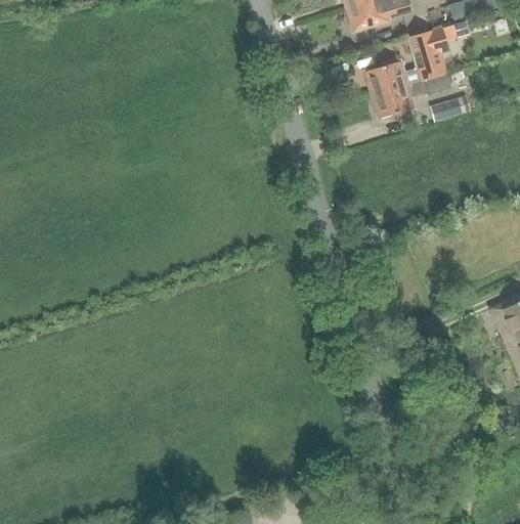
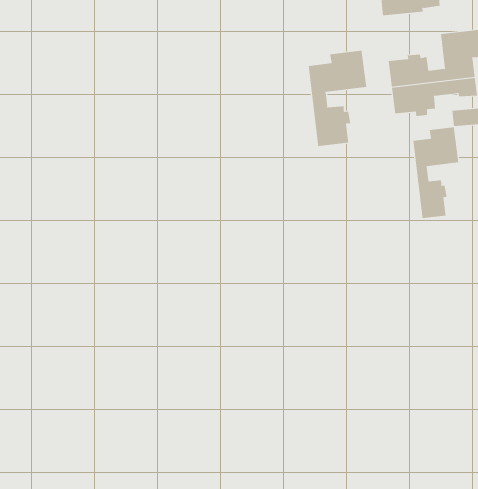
building: none -> [308,50,367,147]
building: none -> [413,126,459,219]

